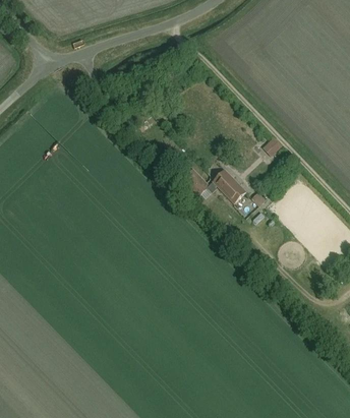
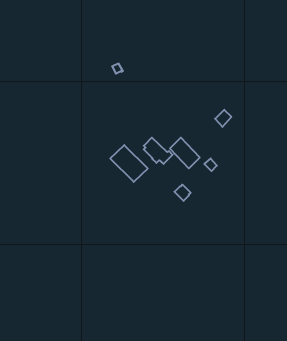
building: none -> [110,145,148,182]

